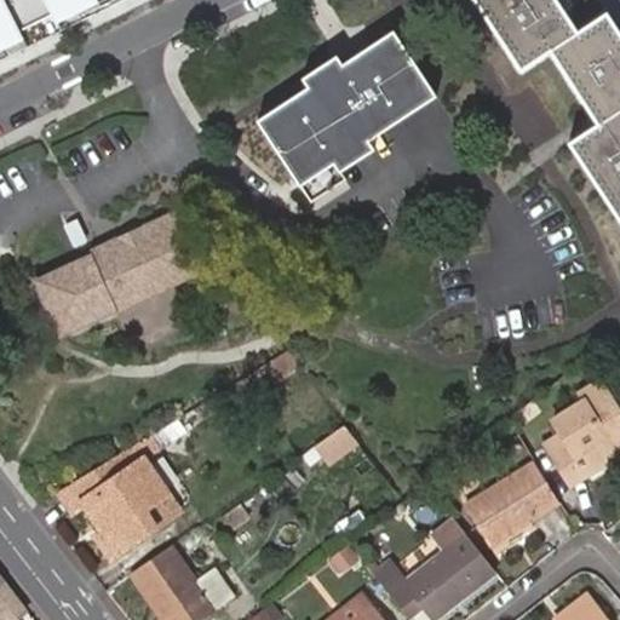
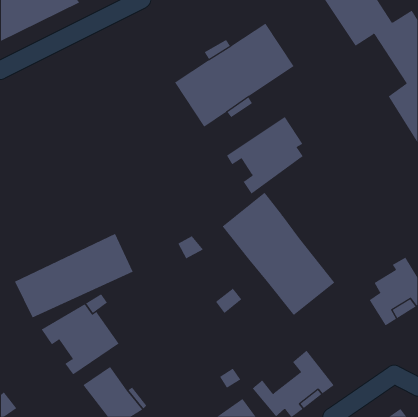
building: none -> [226,116,303,194]
building: [33,209,209,335] -> [14,233,134,318]
building: none -> [222,192,335,316]
building: [464,460,558,541] -> none

